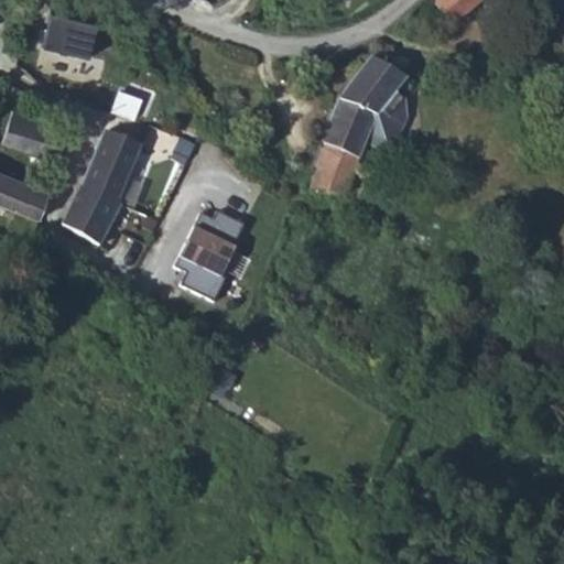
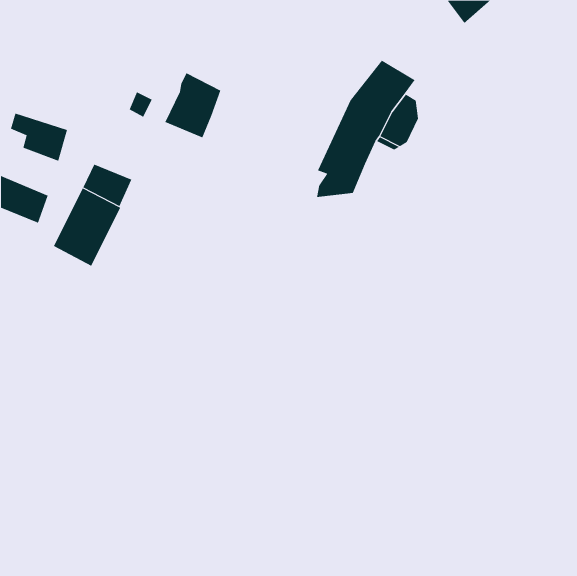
building: [42,11,98,58] -> none
building: [91,112,147,176] -> [165,73,221,138]
building: [172,212,245,303] -> none

